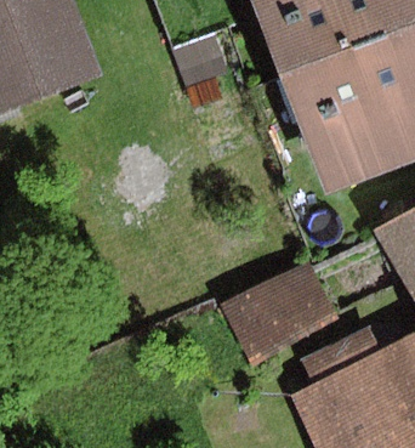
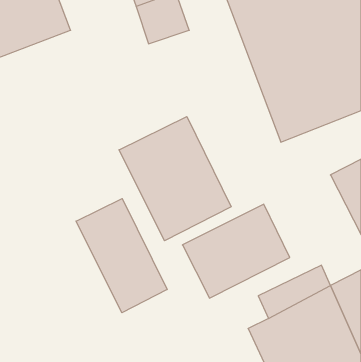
building: none -> [119,117,231,241]
building: none -> [76,199,167,313]

